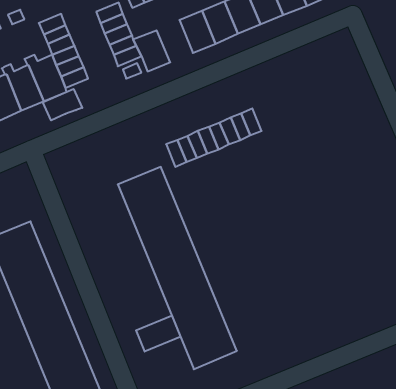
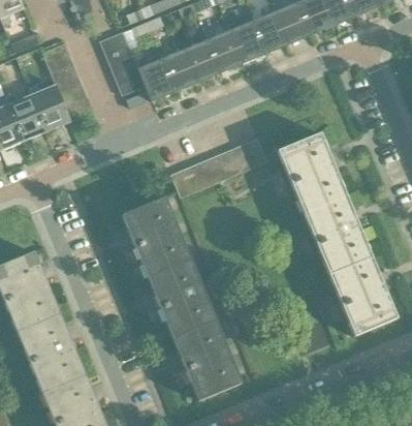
building: none -> [161,49,197,91]
building: [43,89,82,120] -> none
building: none -> [277,131,397,335]
building: [136,316,180,352] -> none

